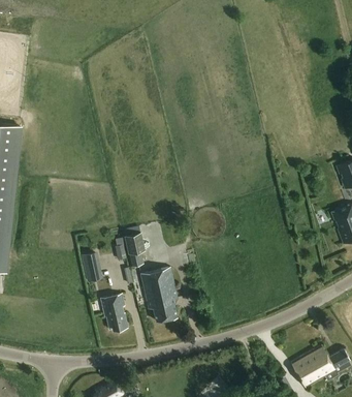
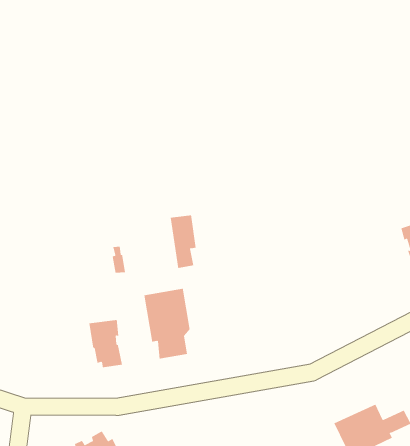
building: [123,226,145,268] -> [170,215,196,268]
building: [82,252,102,282] -> none

